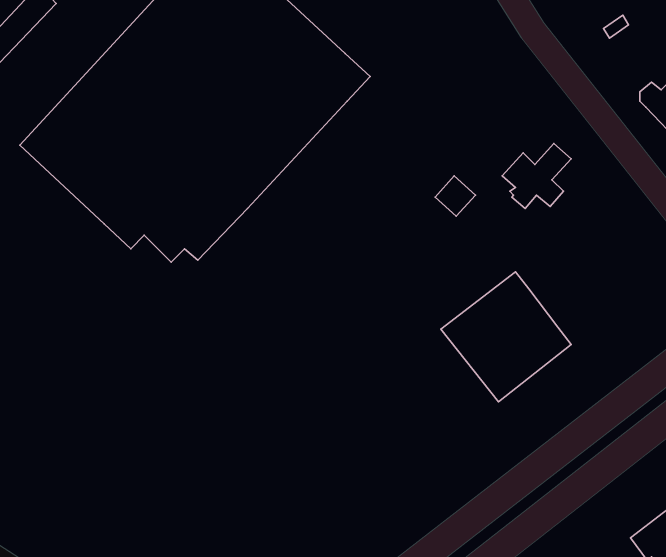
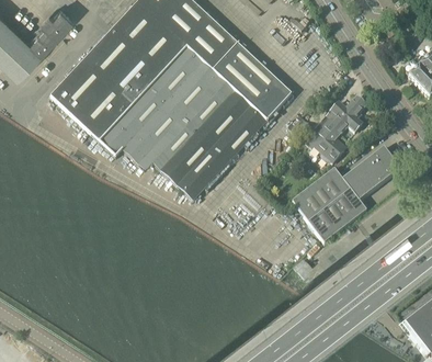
building: none -> [151,58,289,201]
building: none -> [305,115,344,163]
building: none -> [341,147,399,202]

